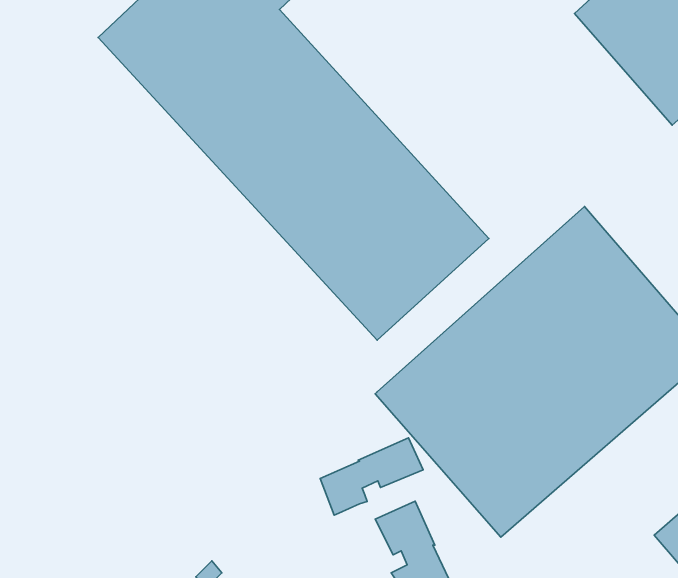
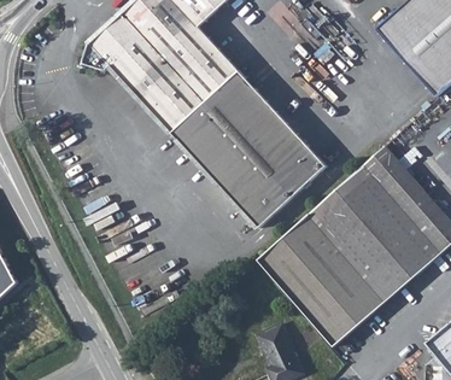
building: [320,438,423,515] -> none

